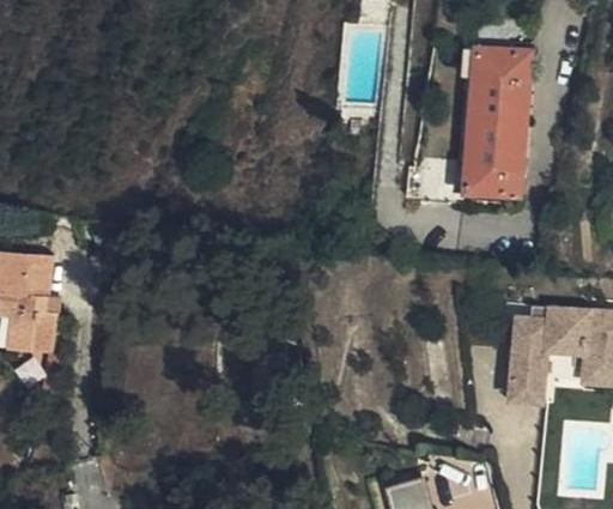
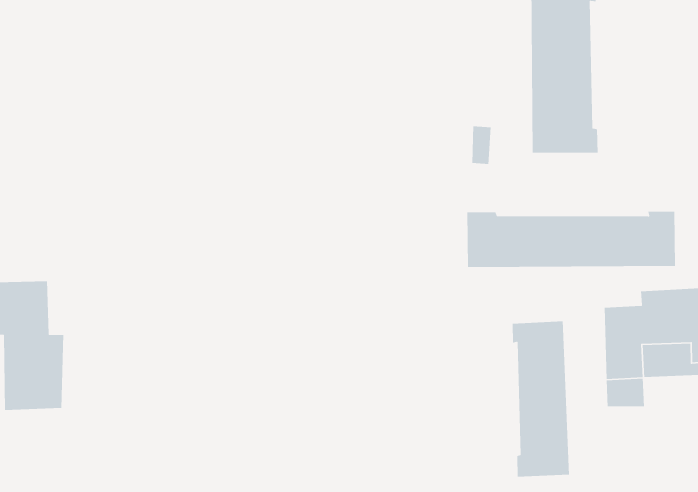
building: none -> [467,211,676,268]
building: none -> [512,321,570,477]

